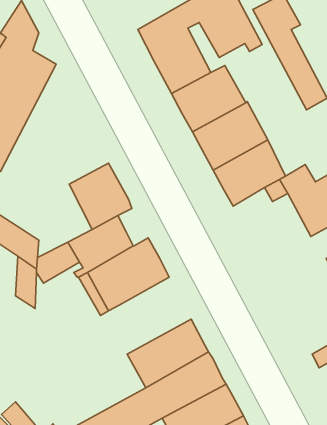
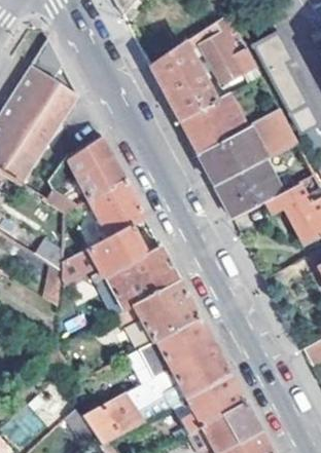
building: none -> [251,108,296,156]
building: none -> [73,134,123,198]
building: none -> [133,280,197,350]

